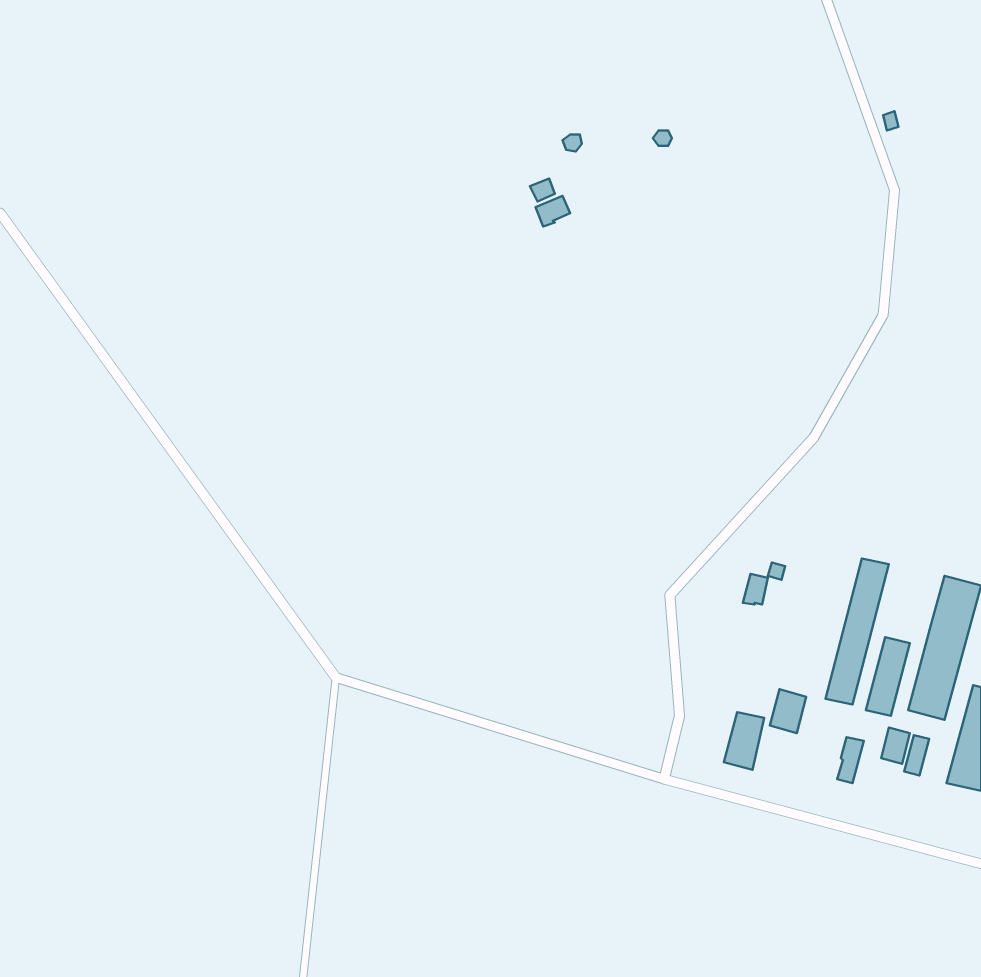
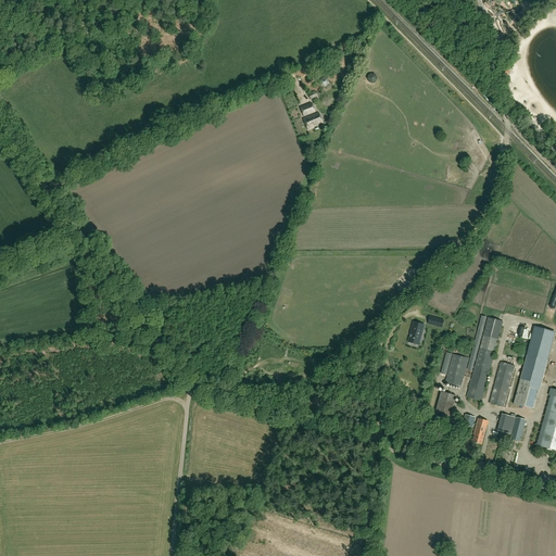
building: [724,712,764,770] -> [445,353,468,386]

